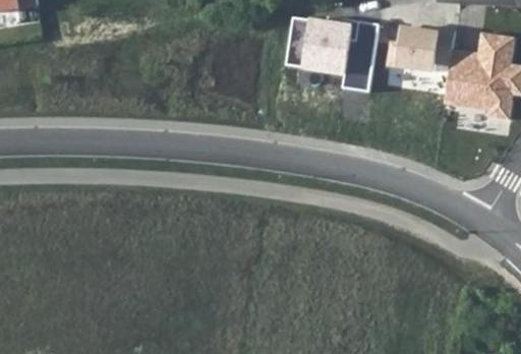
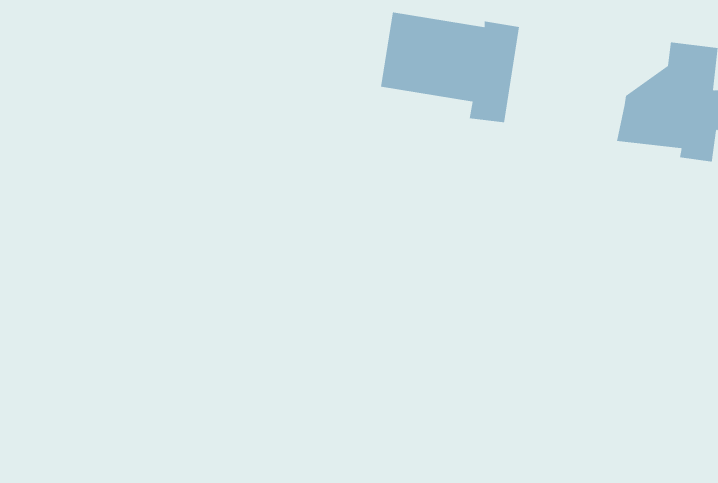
building: [386,25,454,76] -> none

